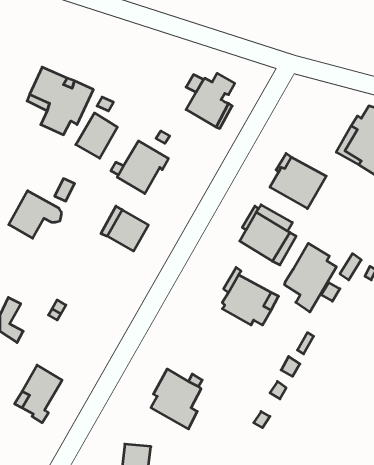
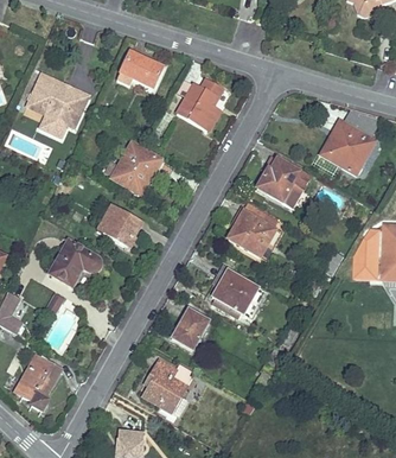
building: none -> [116,51,161,87]
building: [76,113,117,158] -> none
building: [9,191,61,238] -> [50,240,100,285]
building: [285,243,336,312] -> none
building: none -> [171,308,209,349]

